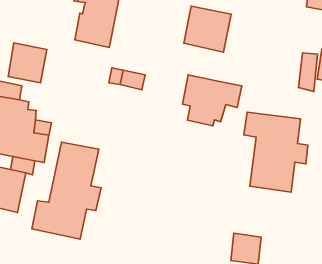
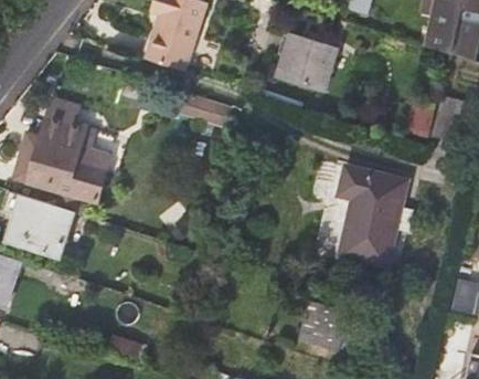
building: [8,43,47,83] -> none
building: [182,75,242,126] -> none
building: [32,142,101,239] -> none

